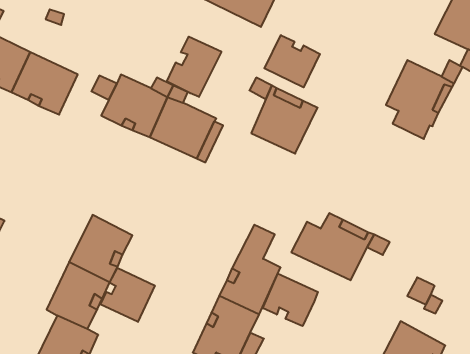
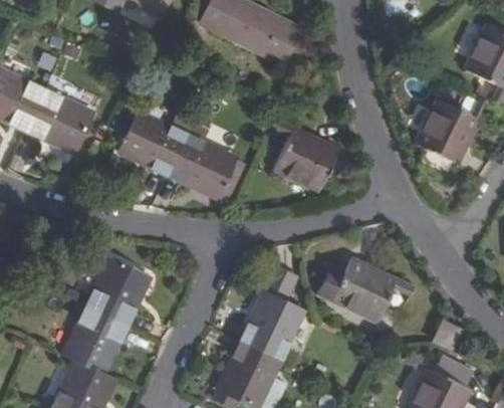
building: [264,35,320,87] -> none
building: [167,37,221,97] -> none
building: [100,268,155,322] -> none
building: [263,273,318,326] -> none

